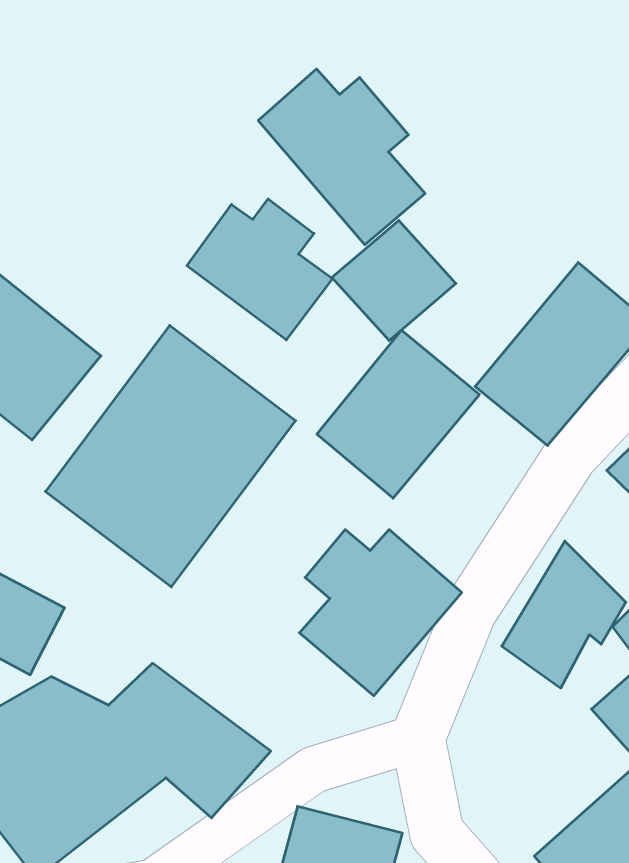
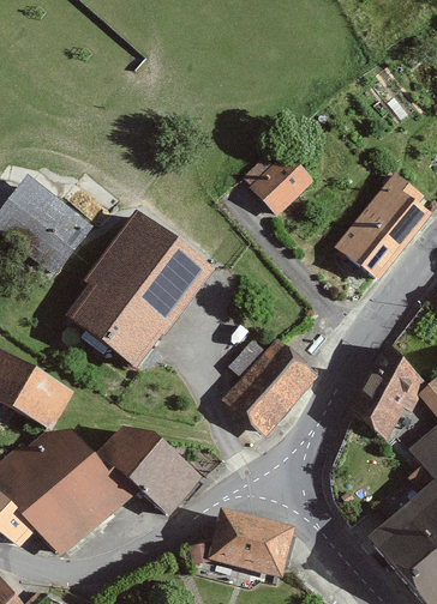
building: [258,69,425,245] -> none
building: [187,199,333,340] -> none
building: [317,330,479,498] -> none

